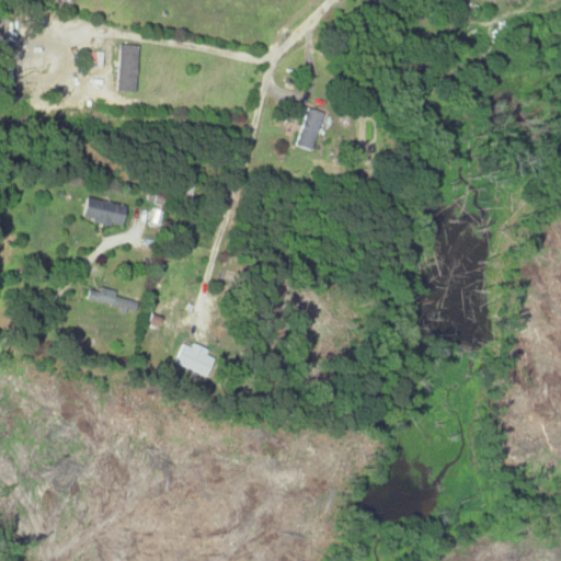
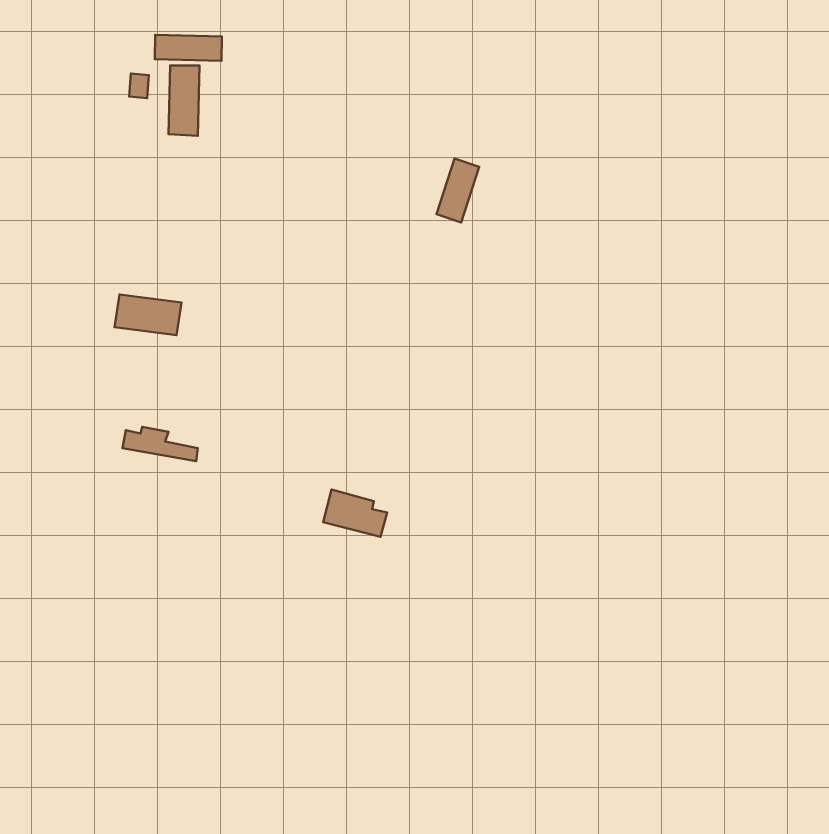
building: none -> [155,35,222,61]
building: [175,342,218,374] -> [323,490,387,537]

